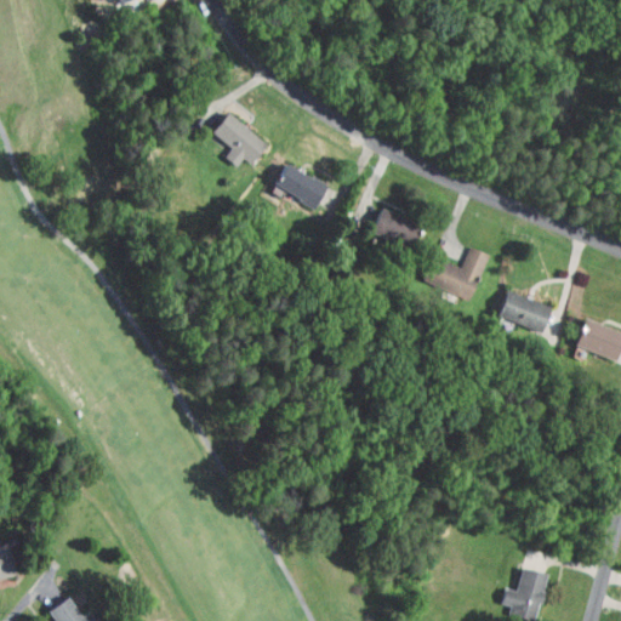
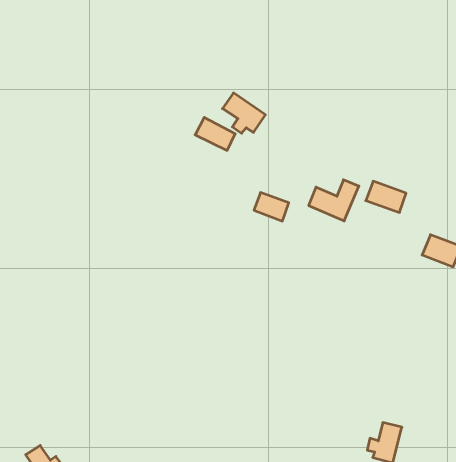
building: [212,113,269,166] -> [222,93,265,133]
building: [372,209,418,246] -> [254,193,289,221]
building: [497,291,551,332] -> [366,181,406,212]

